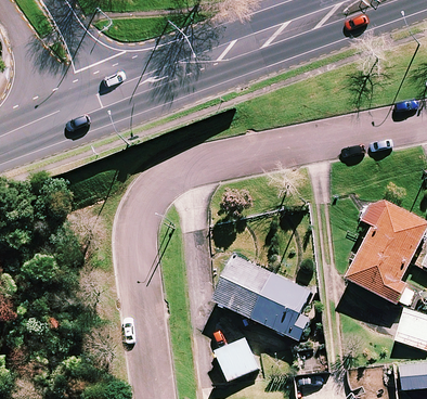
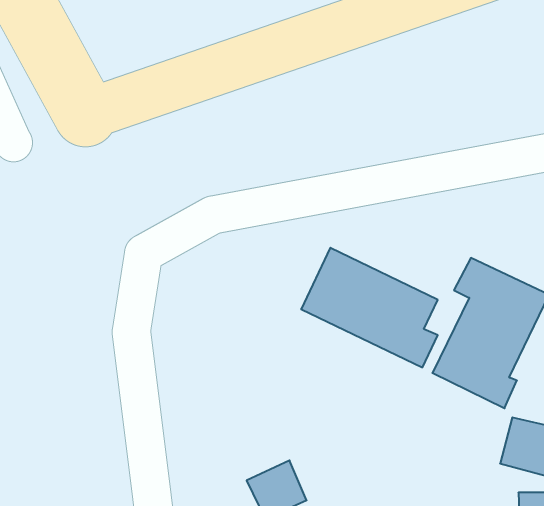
building: [212,256,309,340] -> [301,248,438,367]

